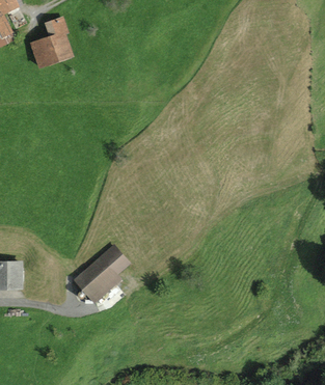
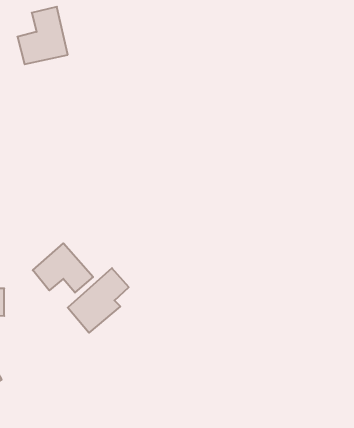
building: none -> [33,243,93,293]

